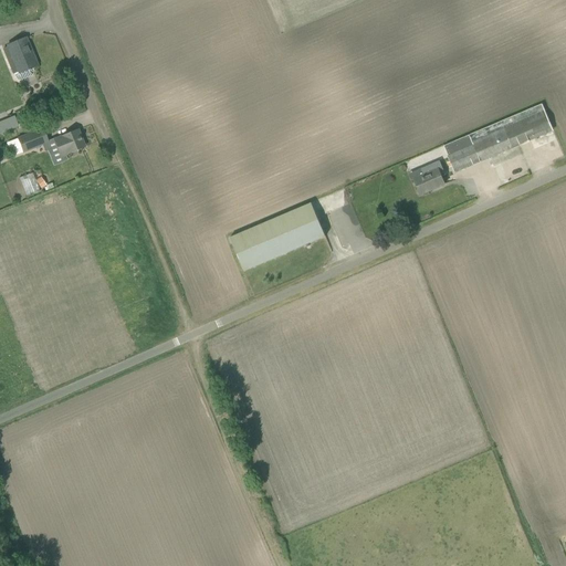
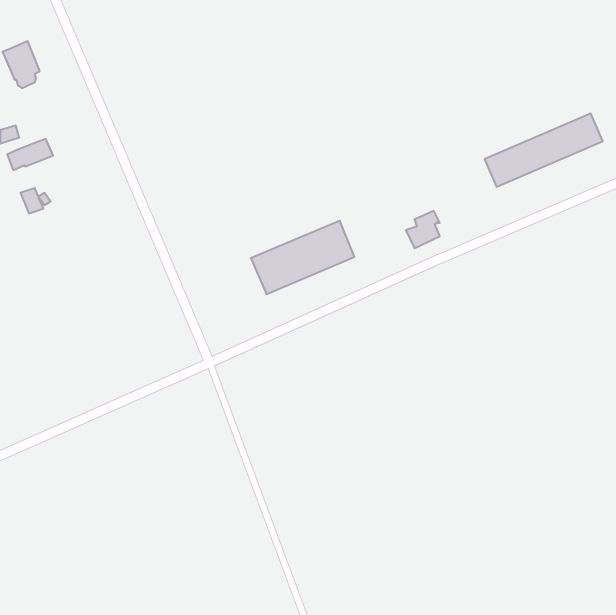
building: [55,129,85,155] -> none
building: [413,160,444,195] -> [406,211,440,248]

